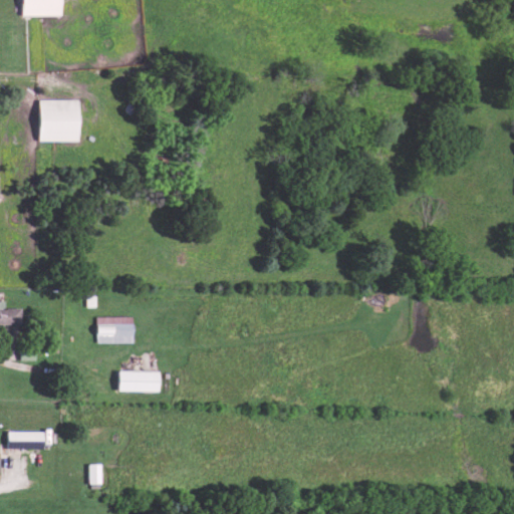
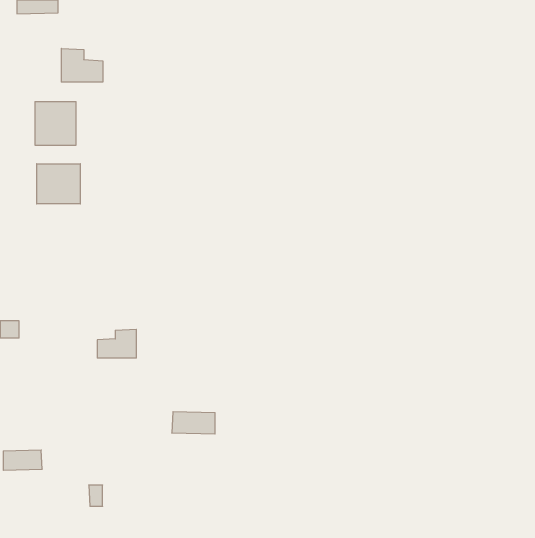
building: none -> [61,48,103,82]
building: none -> [37,164,80,204]
building: [117,369,159,391] -> [172,412,215,434]

